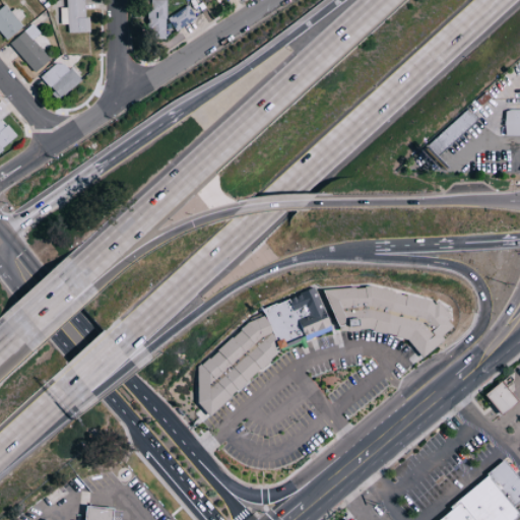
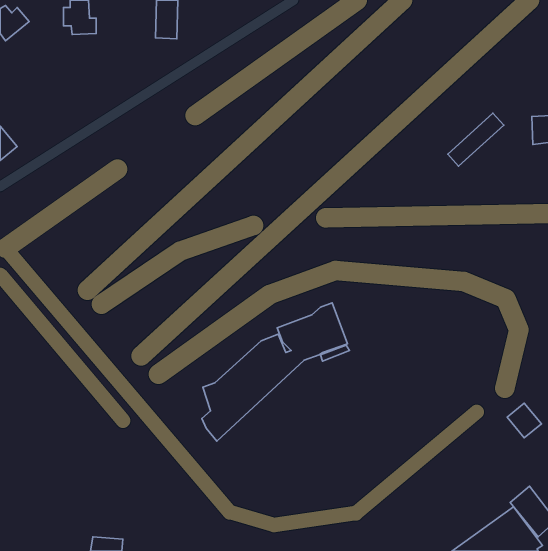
building: [171,6,199,30] -> none
building: [12,23,53,73] -> none
building: [45,58,83,98] -> none
building: [326,285,449,356] -> none

